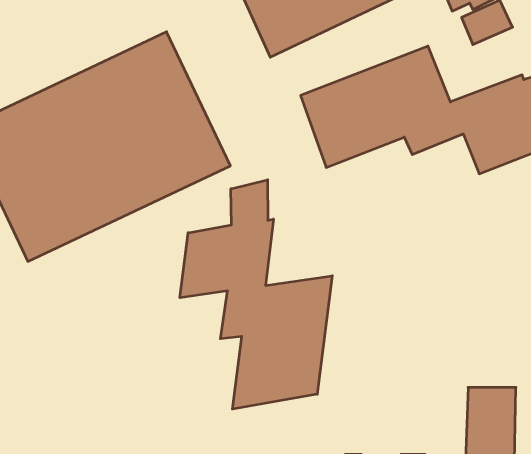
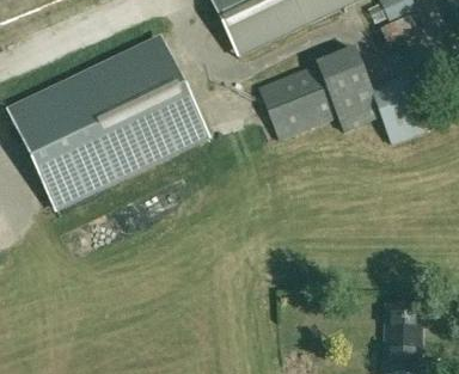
building: [180,180,332,409] -> none

